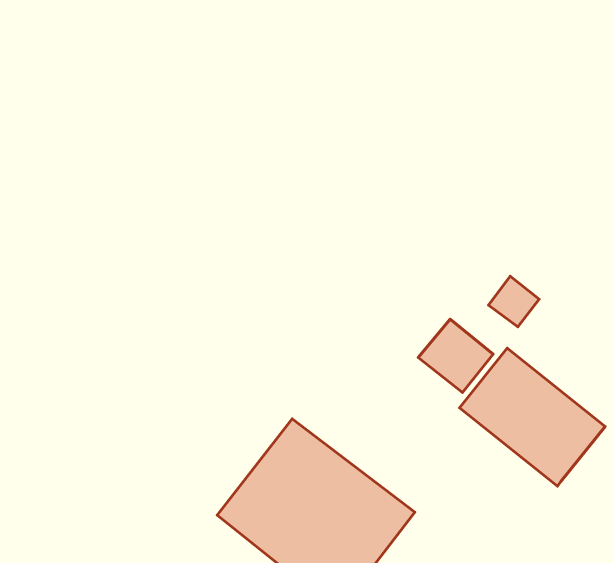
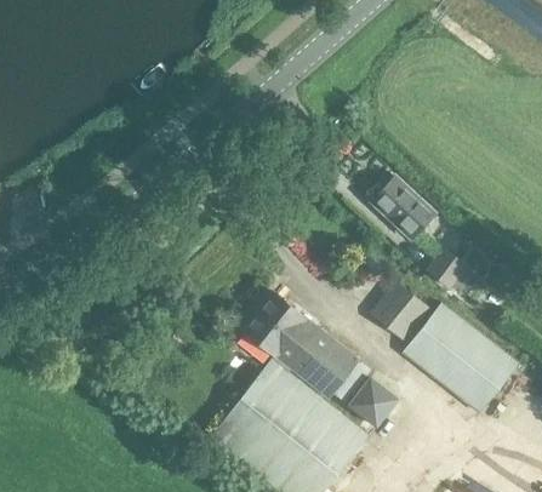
building: none -> [371,178,434,240]
building: none -> [241,292,359,400]
building: none -> [350,378,399,425]

